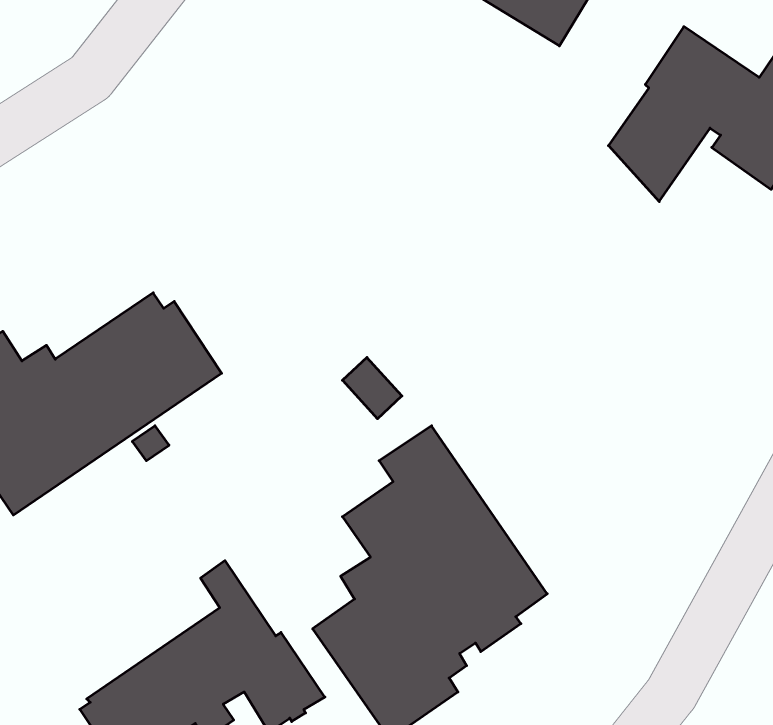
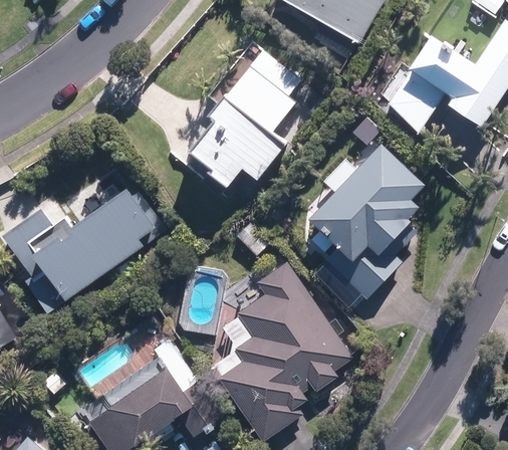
building: none -> [188,64,294,187]
building: none -> [307,142,424,300]

